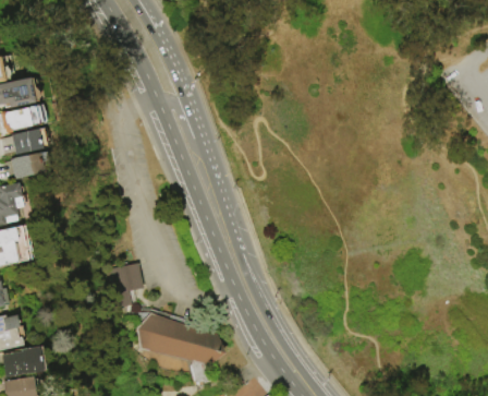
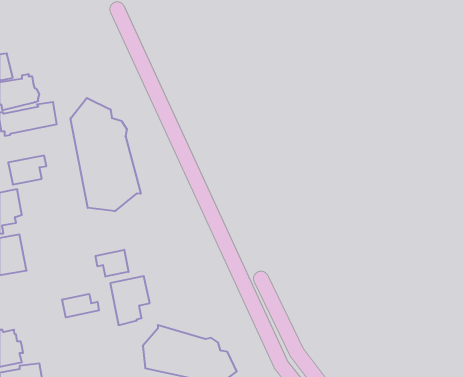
building: none -> [70,98,141,211]
building: [10,127,48,154] -> none
building: none -> [96,250,129,277]
building: none -> [62,294,99,317]

